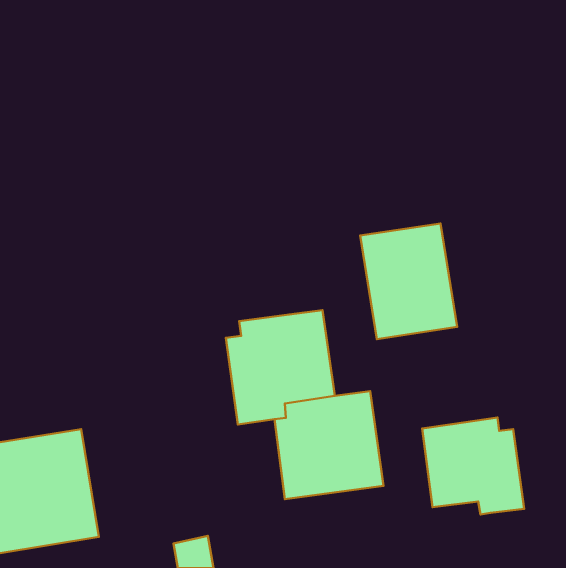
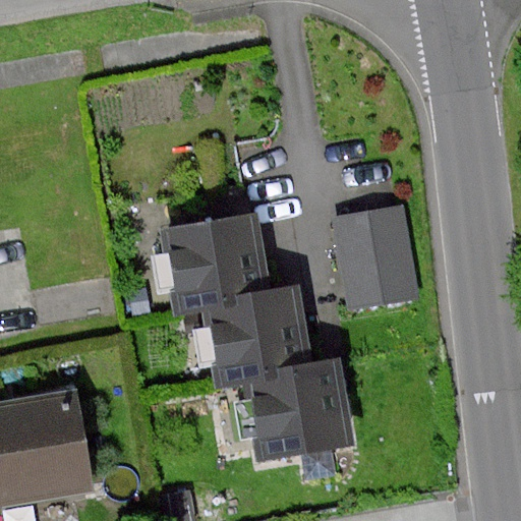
building: none -> [166,218,265,313]
building: [422,418,524,515] -> none

